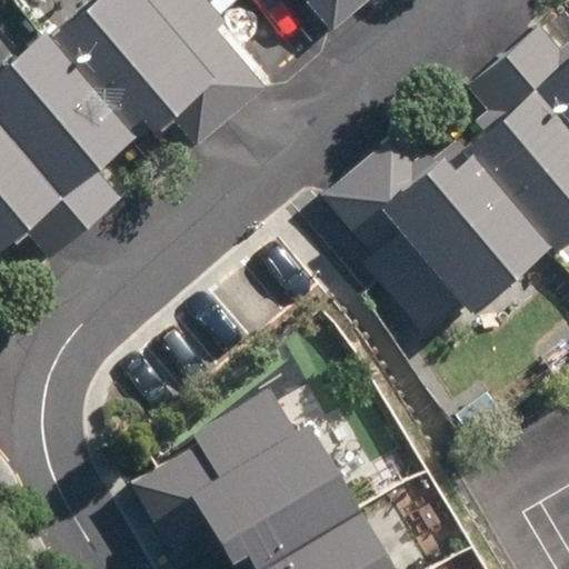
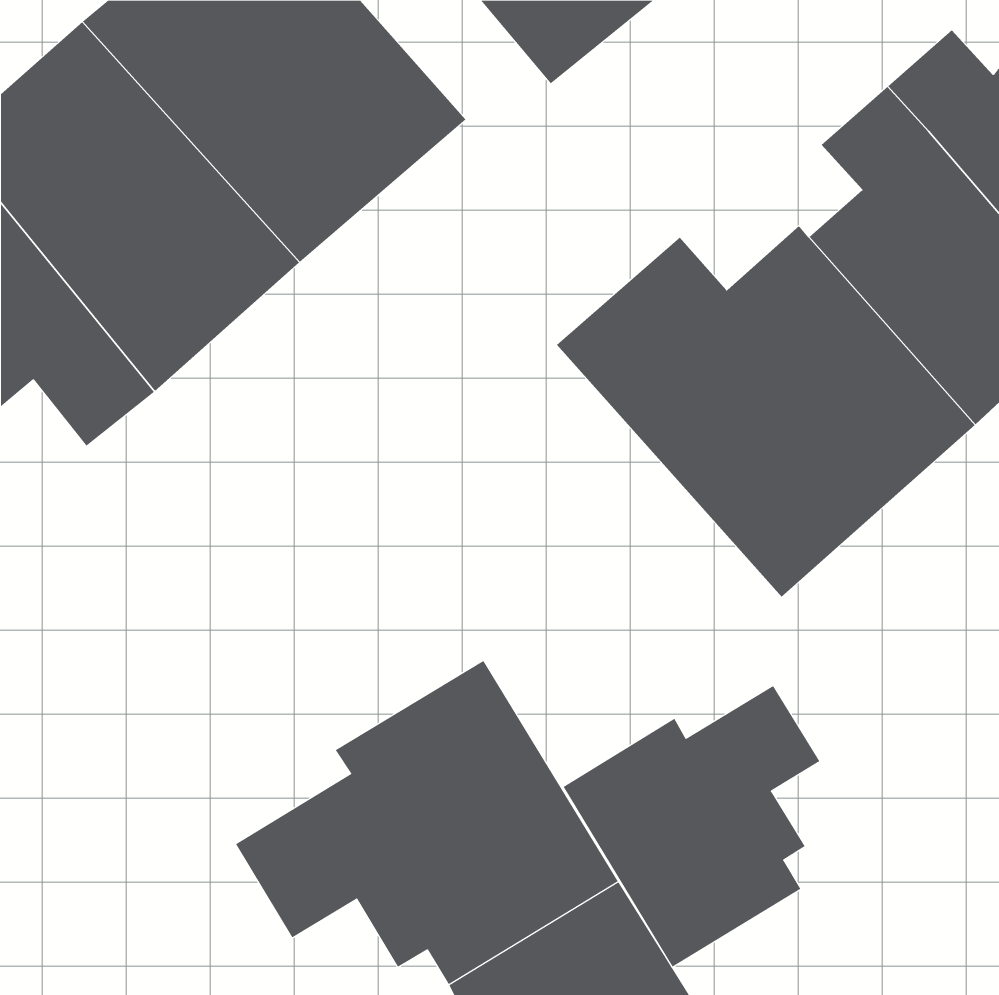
building: none -> [563,685,820,967]

